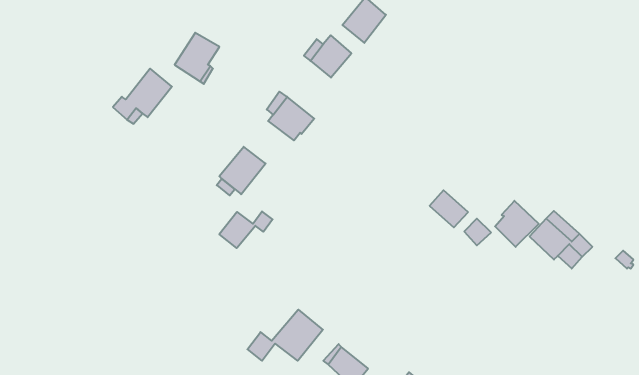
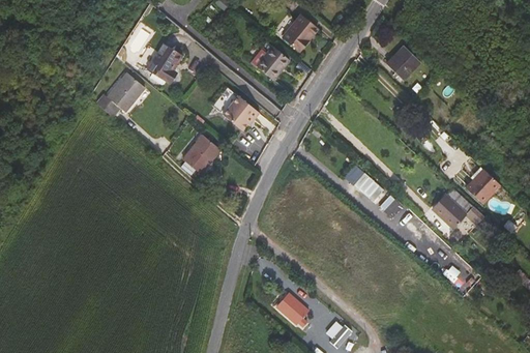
building: none -> [386,45,420,79]
building: [495,201,539,247] -> [465,166,500,203]
building: [219,211,273,248] -> none
building: [247,310,323,361] -> none

